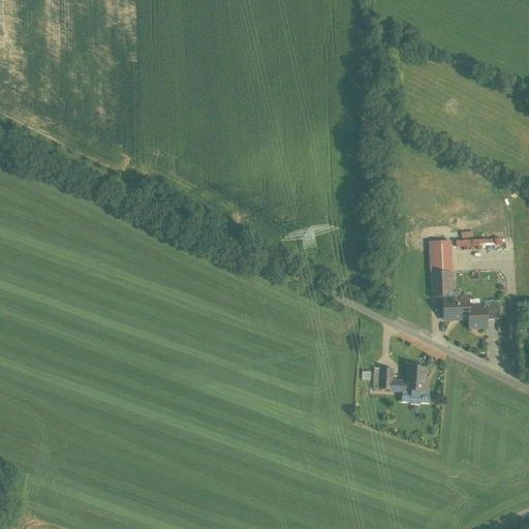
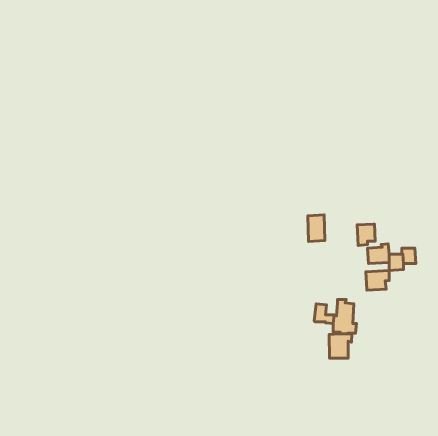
building: [429,239,449,271] -> [308,215,325,241]
building: none -> [366,270,389,290]
building: none -> [329,334,352,358]

